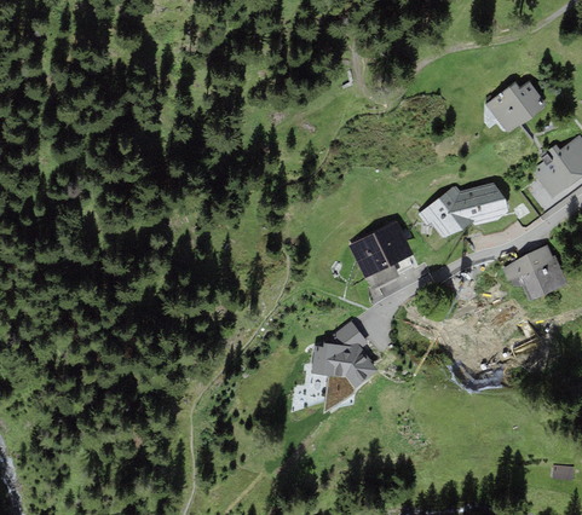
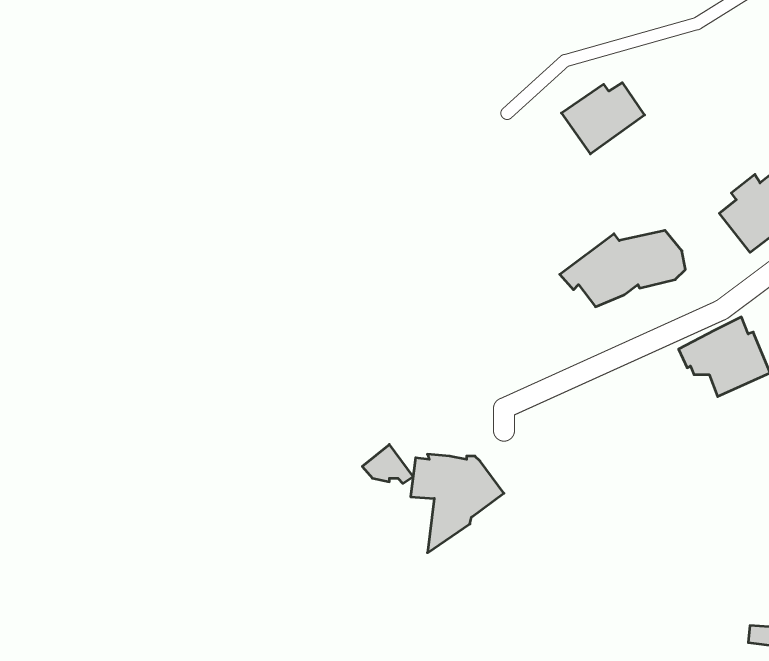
building: [486,81,546,132] -> [561,83,645,154]
building: [348,221,413,289] -> none
building: [332,319,368,347] -> [362,444,413,483]

